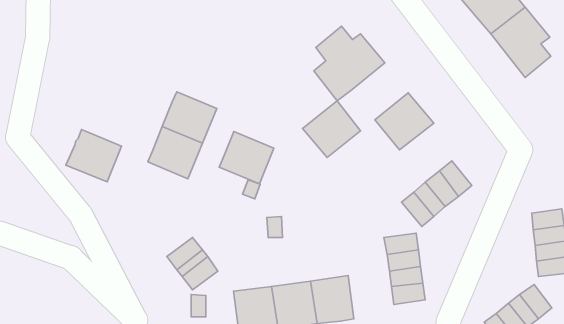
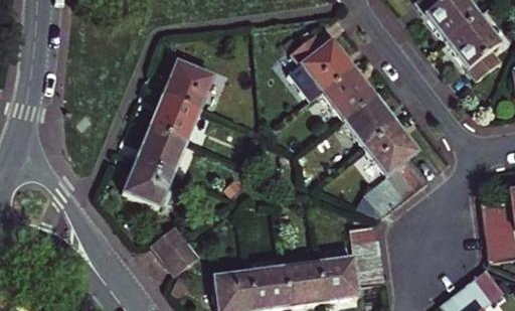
building: [303,101,360,158] -> [321,67,373,119]
building: none -> [365,122,417,172]
building: [66,130,121,182] -> [124,157,174,204]
building: [219,132,274,184] -> [164,61,213,109]
building: none -> [319,256,358,299]

